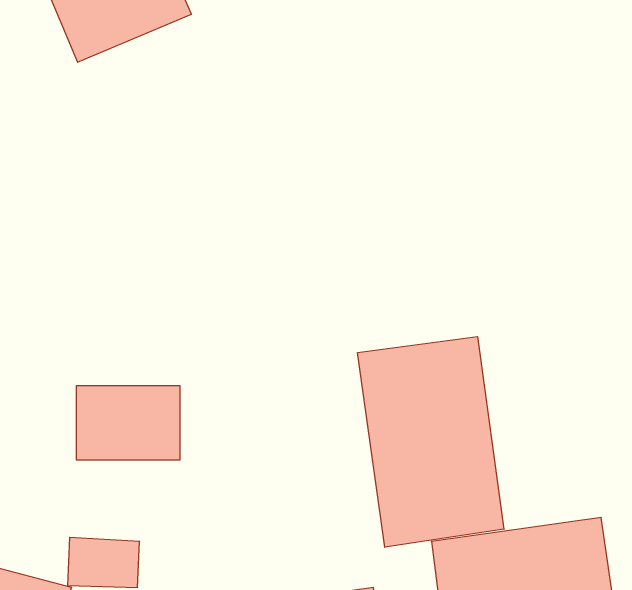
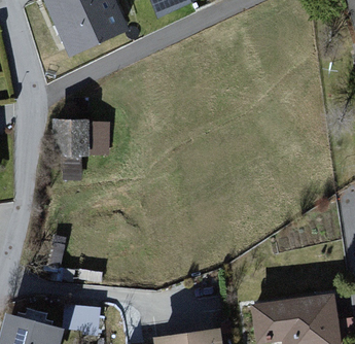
building: [358,337,504,547] -> none
building: [76,386,180,460] -> [57,121,110,159]

